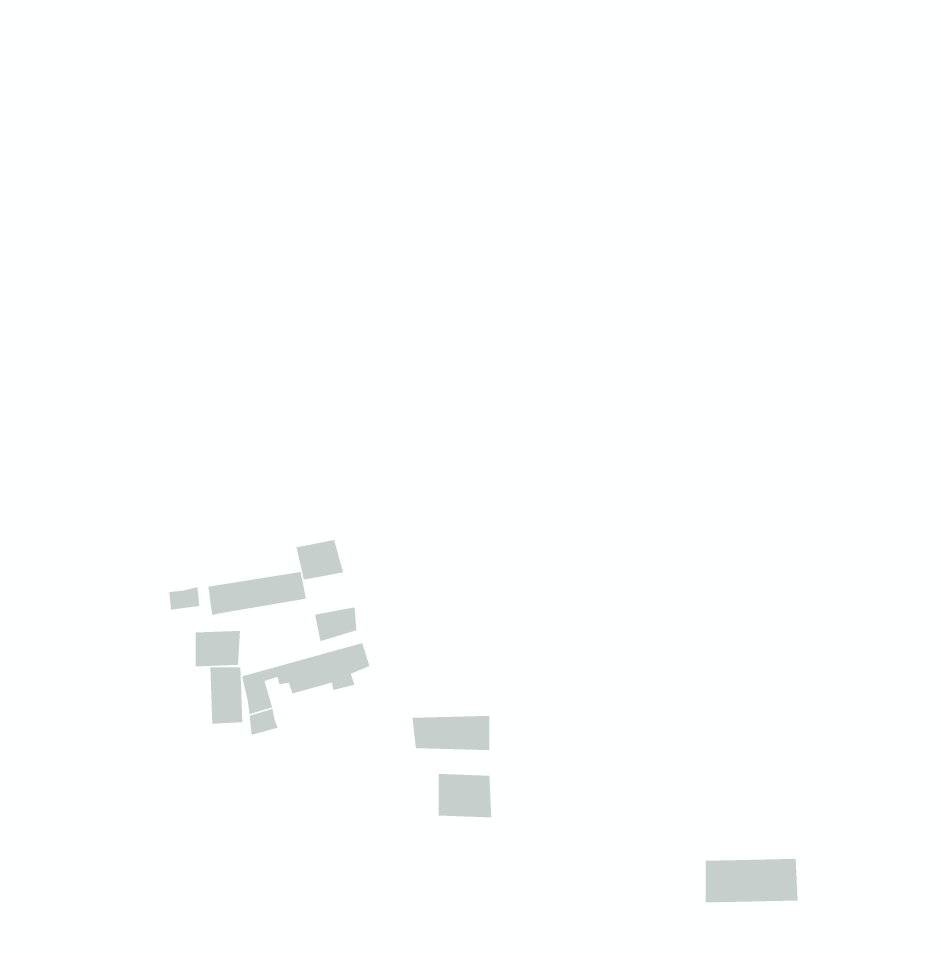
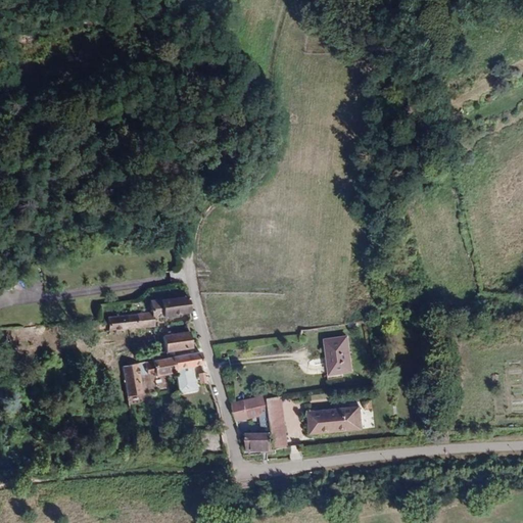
building: none -> [326,336,349,370]
building: [195,630,241,667] -> none
building: none -> [268,392,284,448]
building: [705,858,798,903] -> [307,408,359,432]

